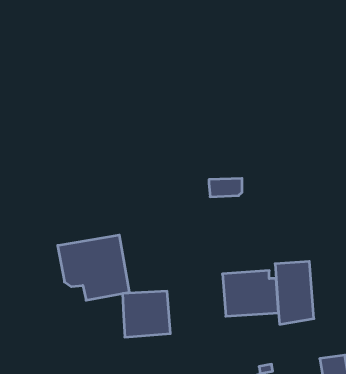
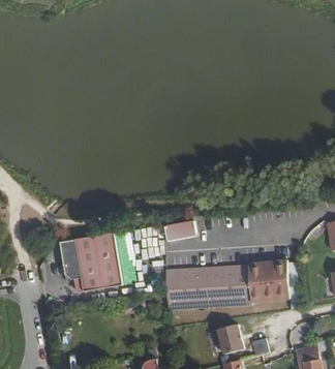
building: [209,178,242,197] -> [163,220,193,237]
building: [122,291,170,337] -> [165,268,209,309]
building: none -> [215,322,243,353]

